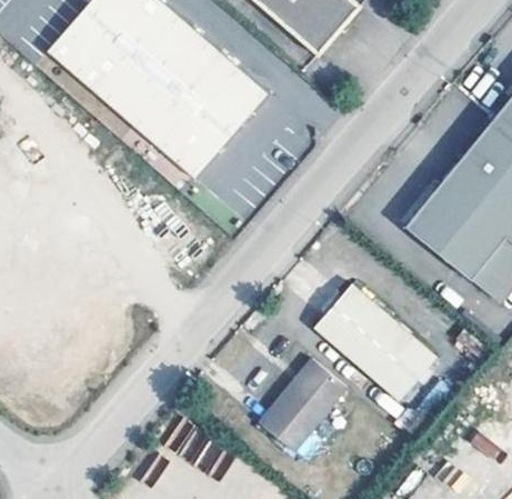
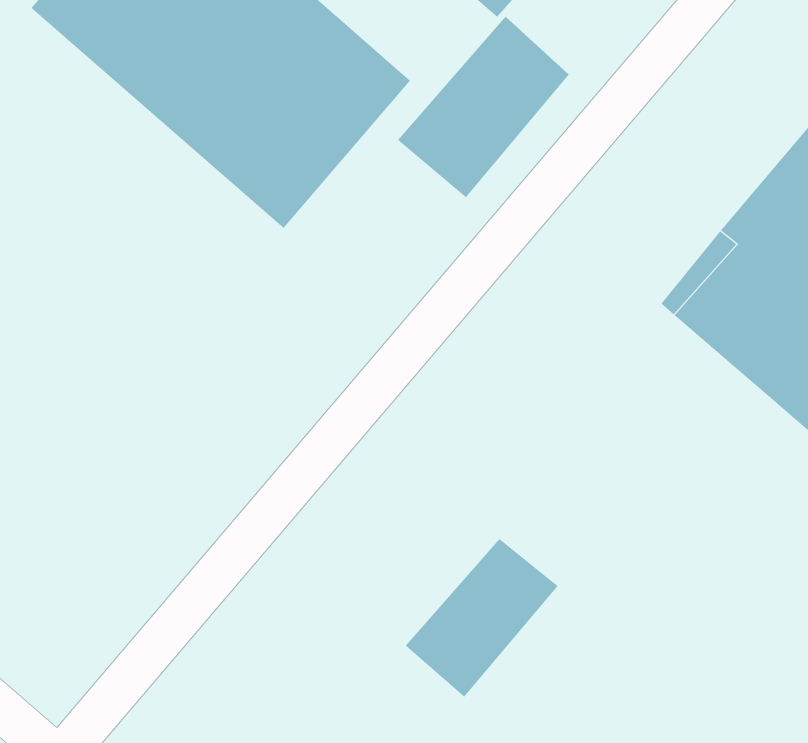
building: none -> [397,16,570,198]
building: [318,285,441,400] -> none

